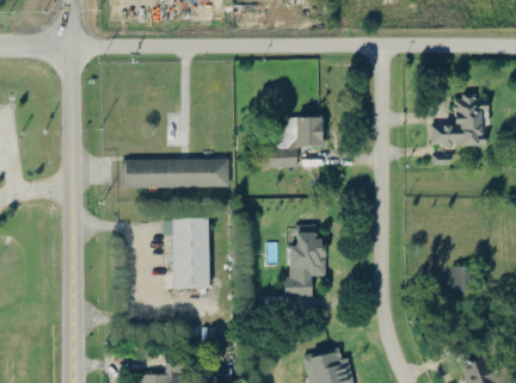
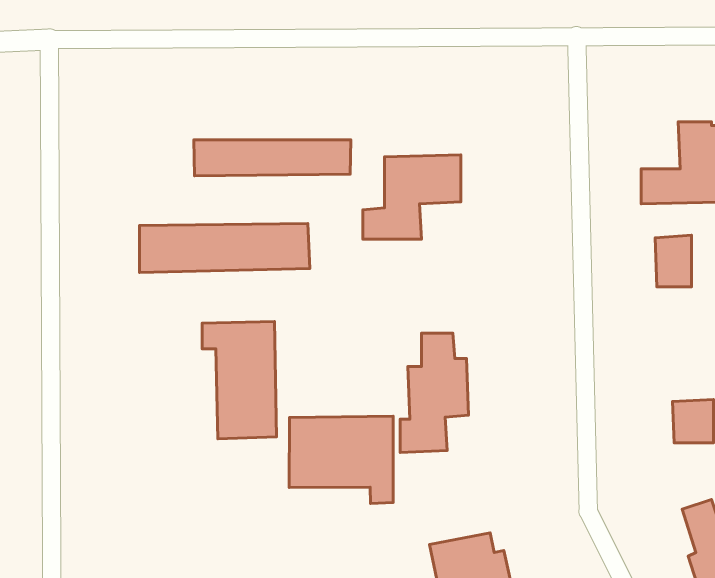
building: none -> [194,140,351,176]
building: none -> [655,235,691,287]
building: none -> [289,416,393,503]

